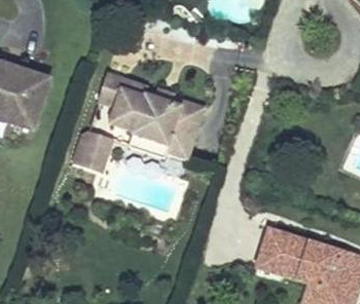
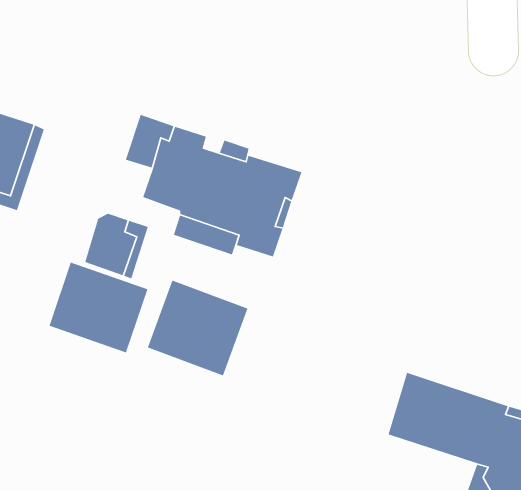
building: none -> [48,262,148,353]
building: none -> [147,279,248,377]

